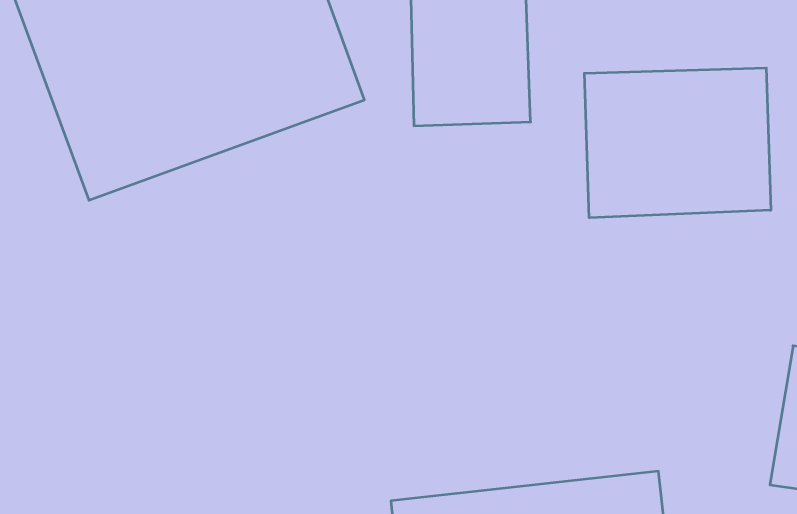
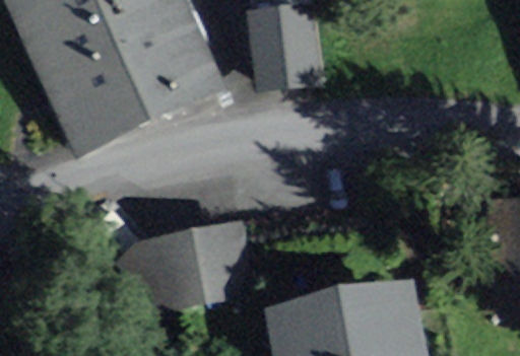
building: [584,68,771,218] -> none
building: none -> [126,226,245,310]

